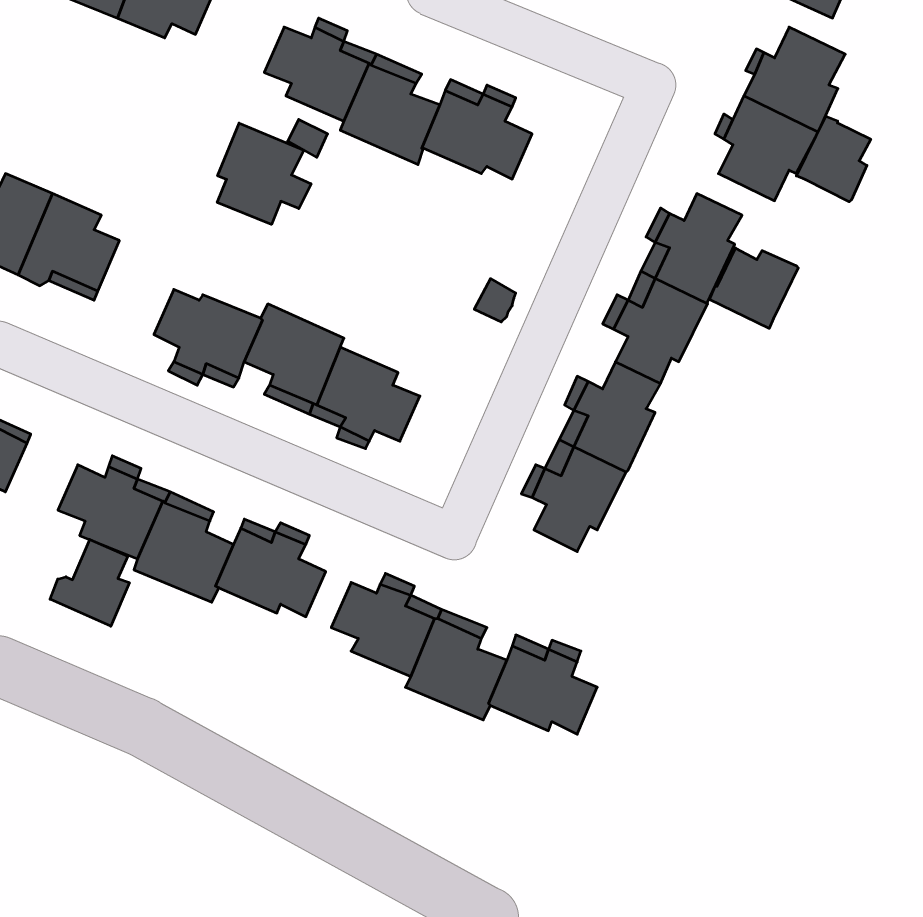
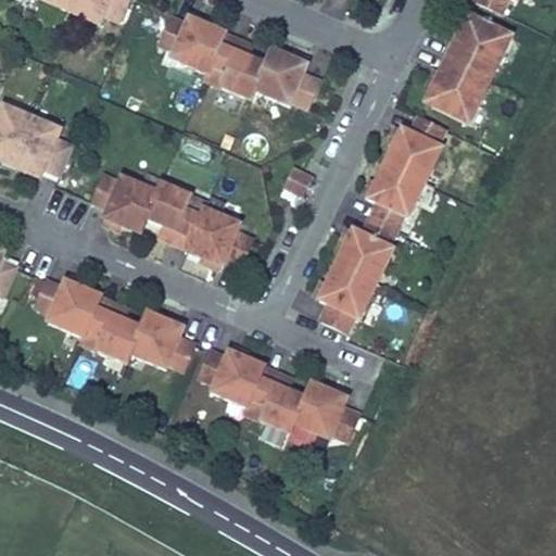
building: [796,116,871,202] -> none
building: [217,123,311,224] -> none
building: [710,248,798,328] -> none
building: [50,539,129,626] -> none

